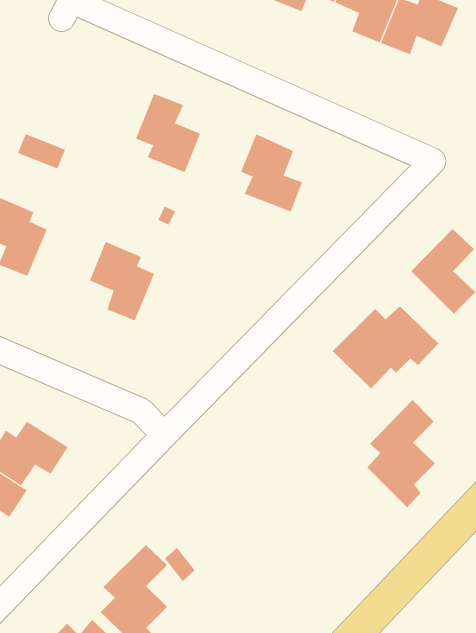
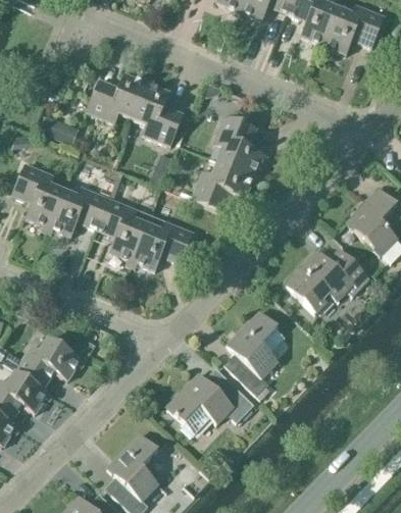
building: none -> [87,74,147,123]
building: none -> [192,162,254,212]
building: none -> [49,188,109,237]
building: none -> [133,221,194,270]
building: [366,399,436,508] -> [224,311,279,396]
building: none -> [166,368,254,435]

